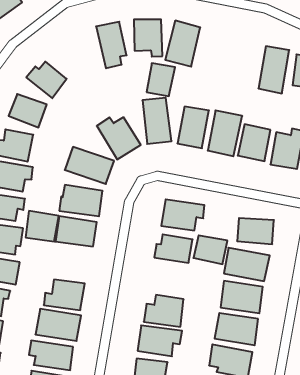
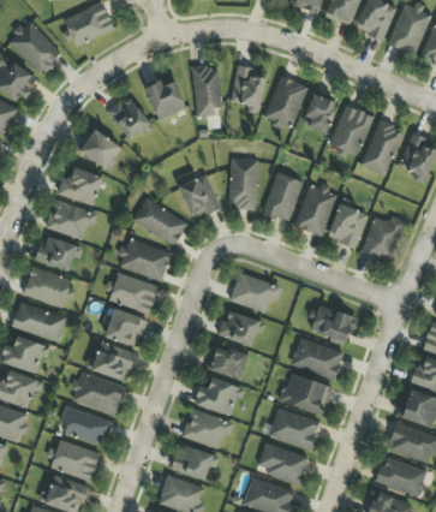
building: none -> [329,105,374,156]
building: none -> [144,78,186,120]
building: [147,63,175,96] -> [301,94,338,133]
building: [26,211,59,242] -> [106,309,147,347]
building: [193,235,227,264] -> [208,345,249,381]

